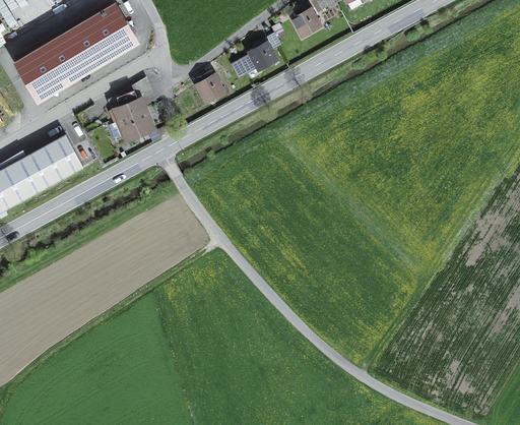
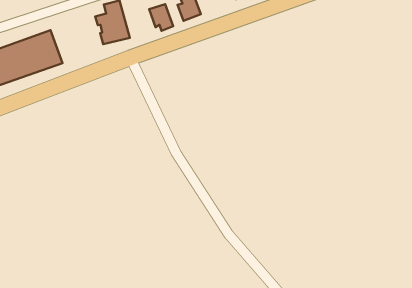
building: none -> [149,4,173,31]

